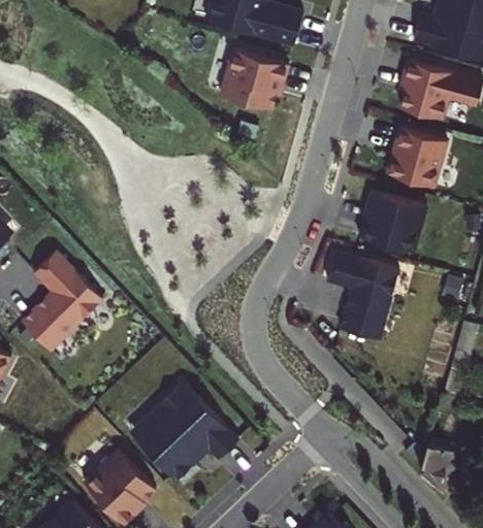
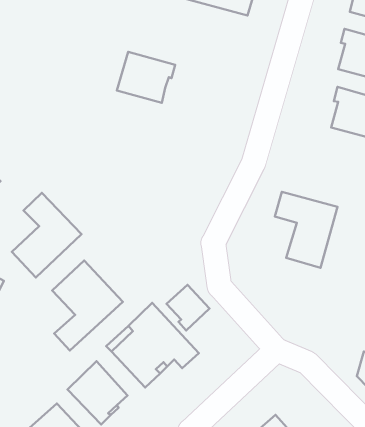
building: [221,50,289,109] -> [117,52,175,103]
building: [358,192,427,252] -> none
building: none -> [52,260,123,351]
building: none -> [167,285,209,330]

